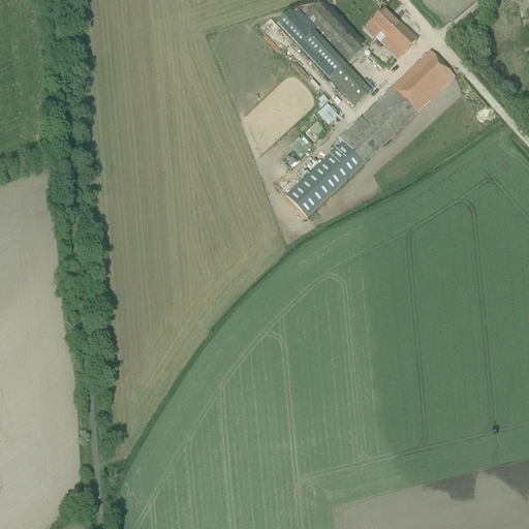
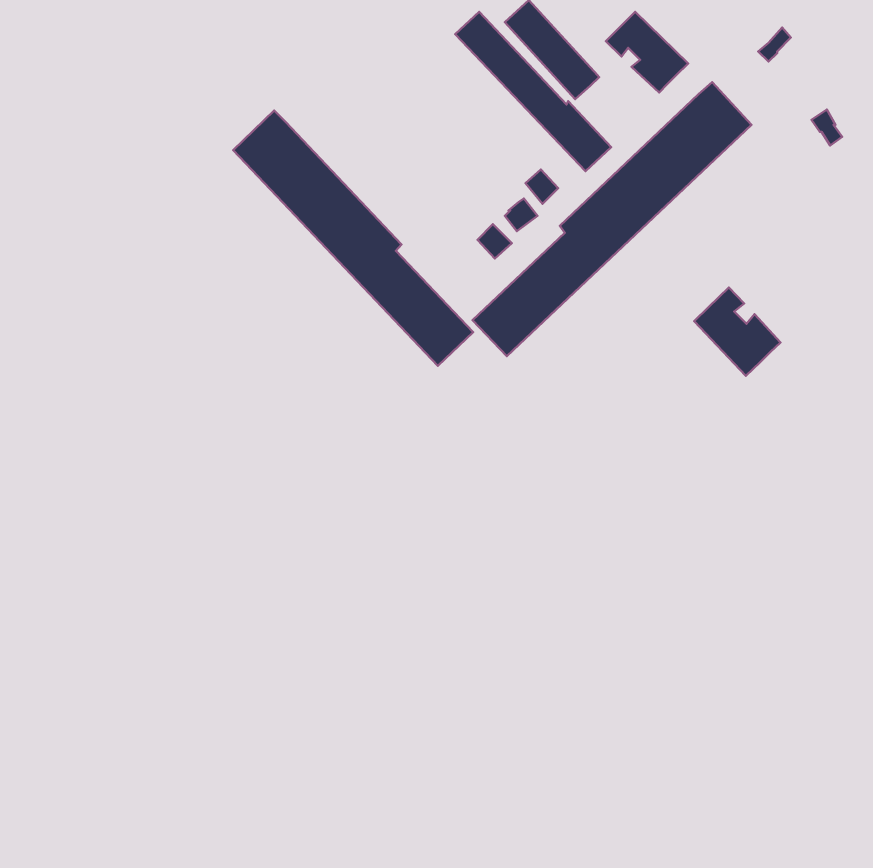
building: none -> [233,111,473,366]
building: none -> [694,288,780,376]

